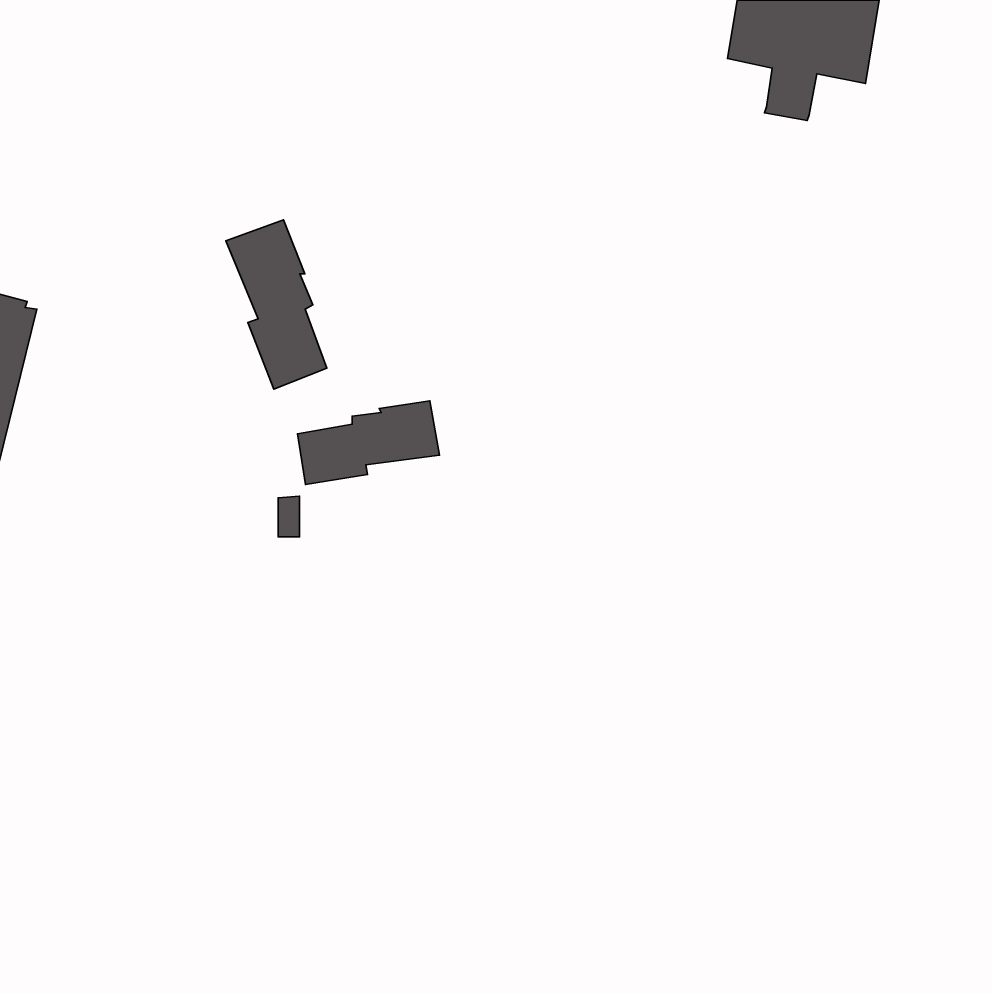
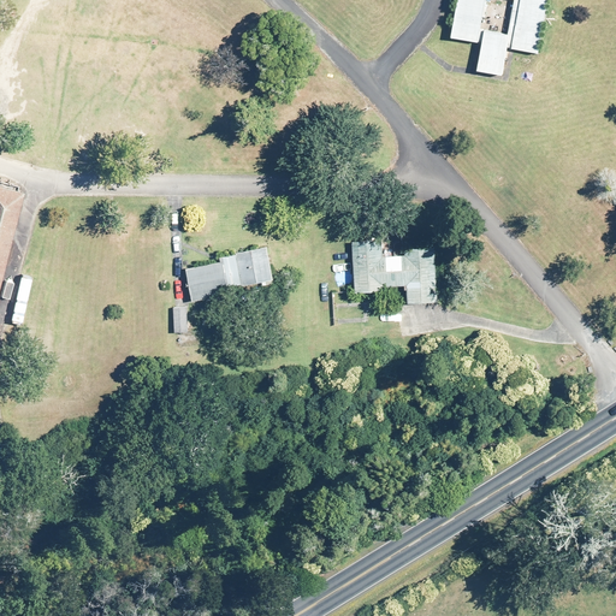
building: [226,220,327,389] -> none
building: none -> [350,242,438,304]

